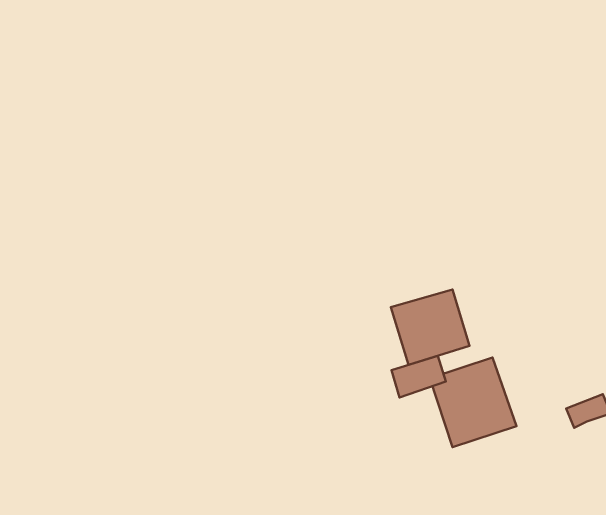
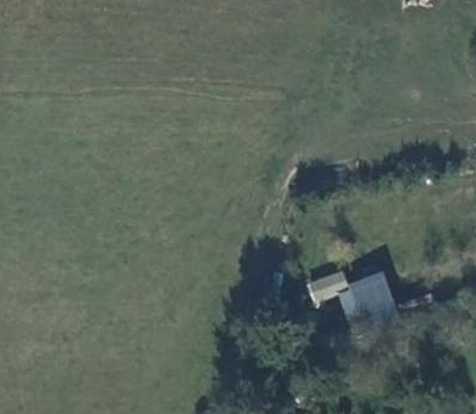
building: [391,290,470,365] -> none

